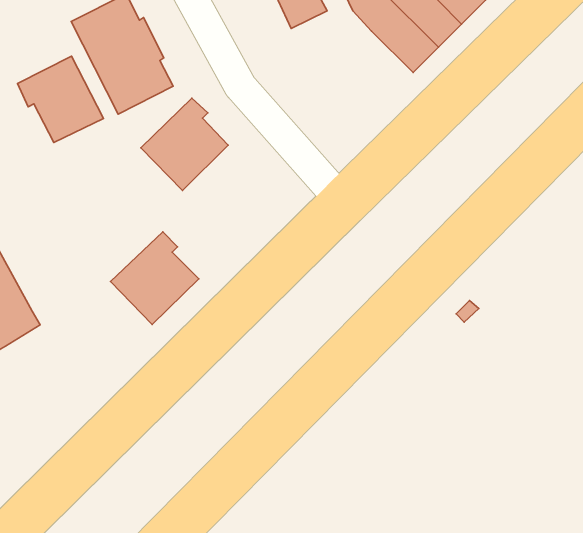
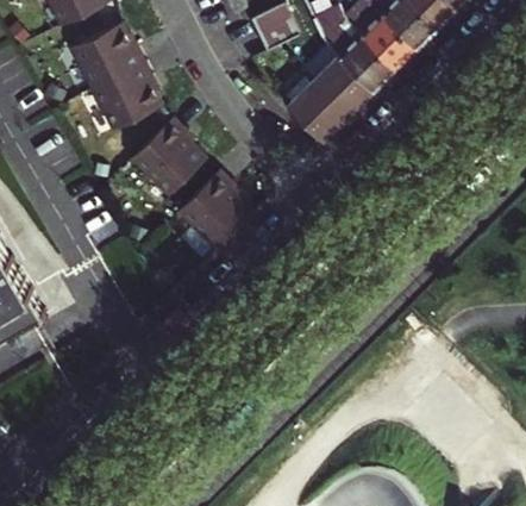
building: none -> [286,54,372,140]
building: [17,56,103,142] -> none
building: [110,232,199,324] -> [176,167,255,249]

